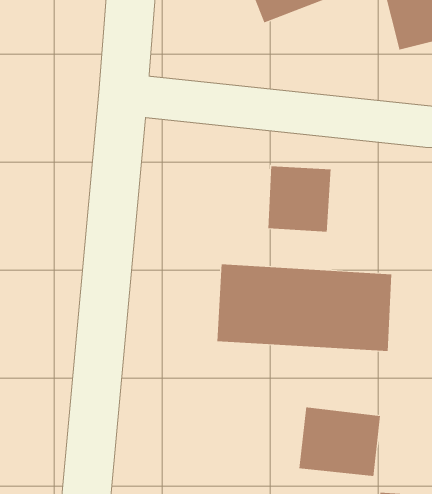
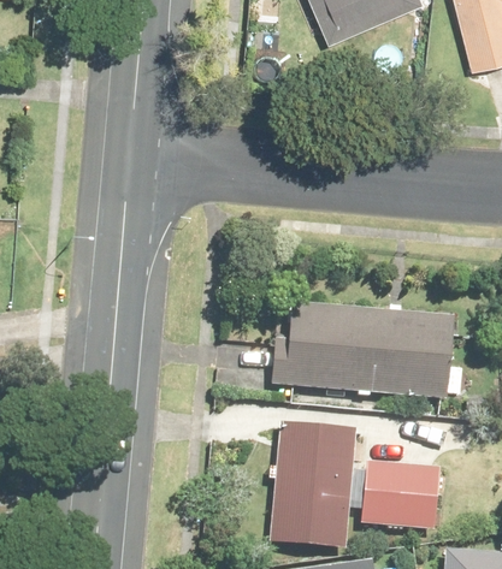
building: [268,165,331,232] -> none
building: none -> [244,431,338,555]

